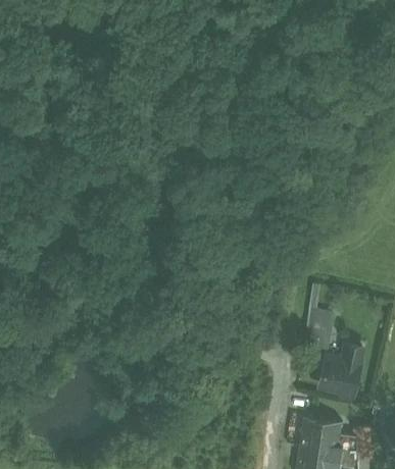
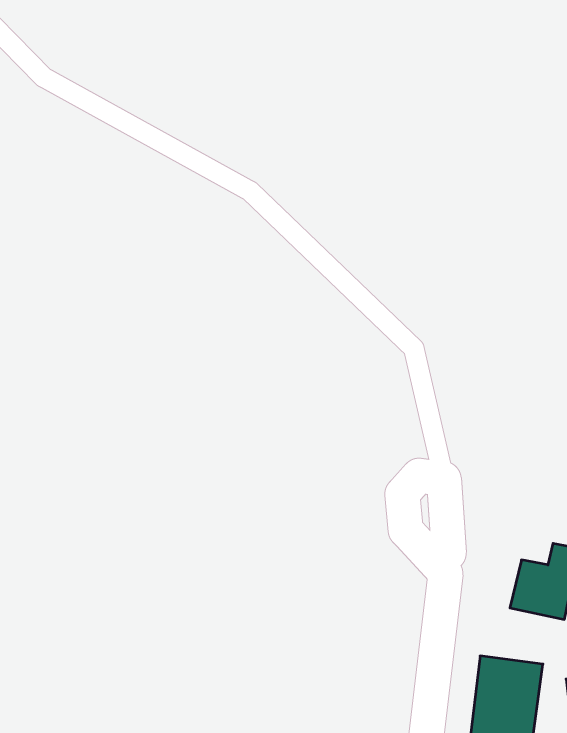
building: [310,310,338,350] -> none

